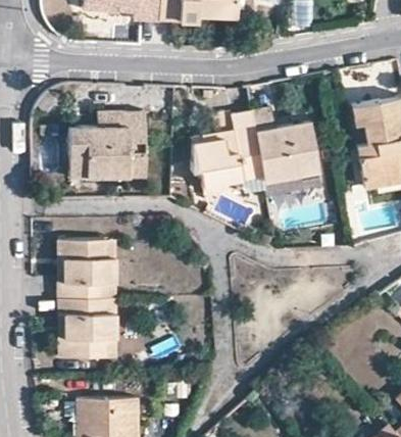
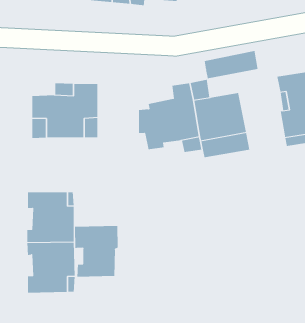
building: none -> [204,50,258,79]
building: none -> [74,225,118,277]

